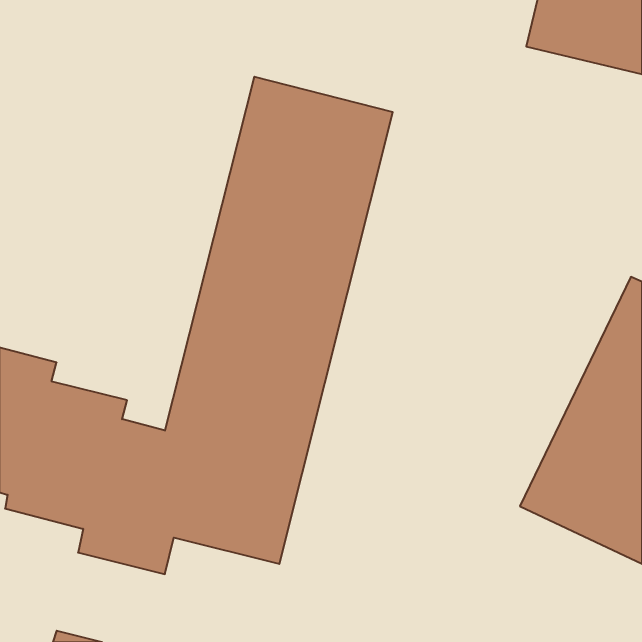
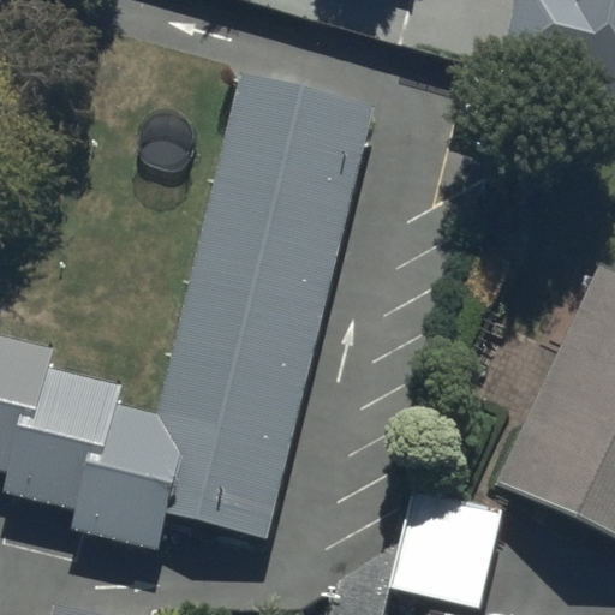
building: none -> [389,489,503,608]

